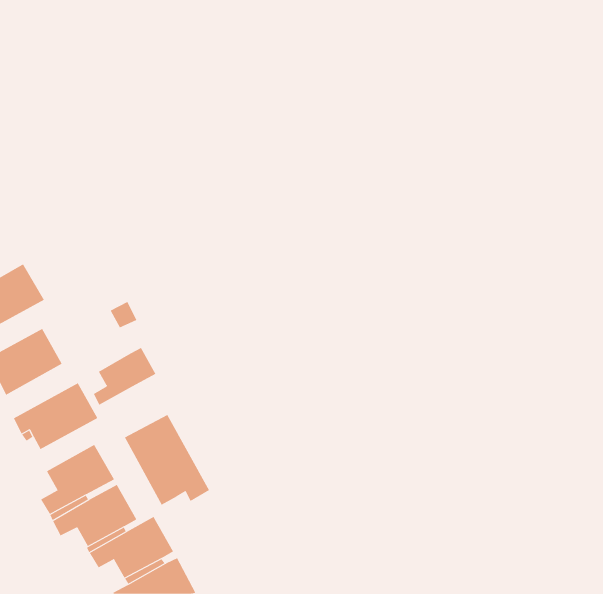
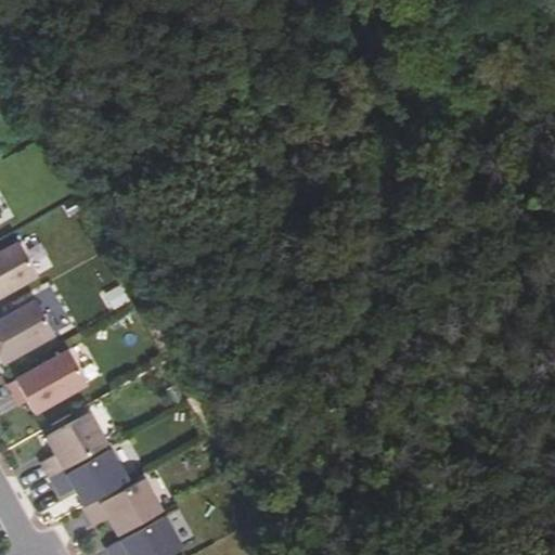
building: [93,347,156,406] -> none
building: [124,414,210,505] -> none

